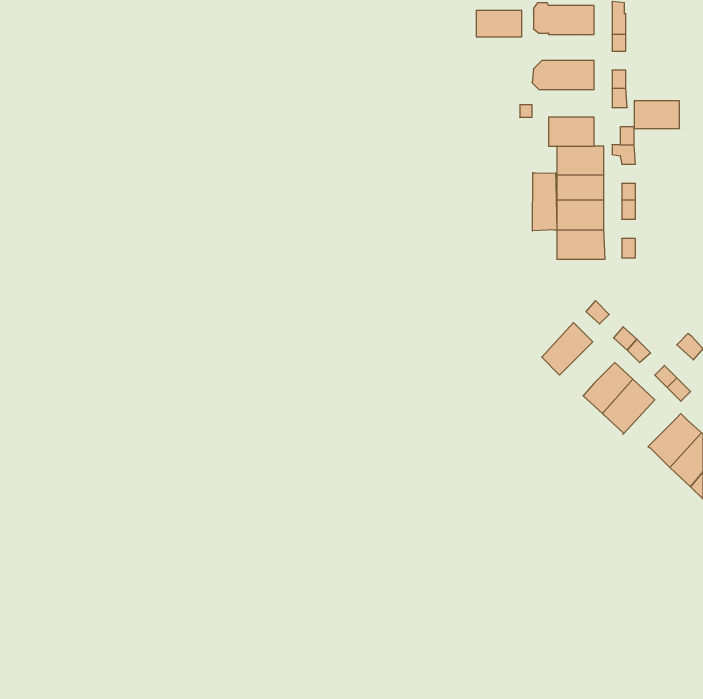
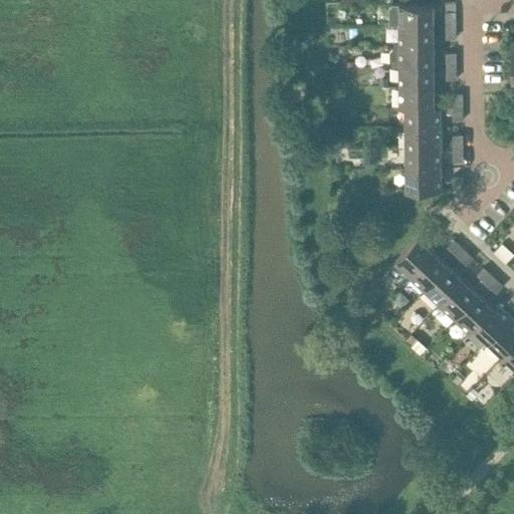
building: [476,10,522,37] -> [400,29,433,48]
building: [634,101,680,128] -> [400,69,433,89]
building: [532,173,557,231] -> none
building: none -> [408,253,448,292]
building: none -> [454,295,492,333]

